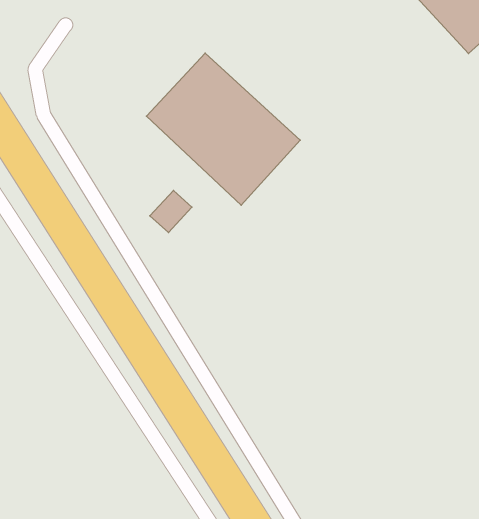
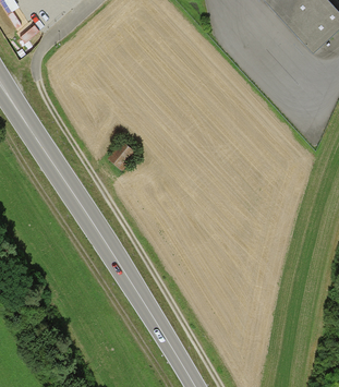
building: [146,53,300,205] -> none

